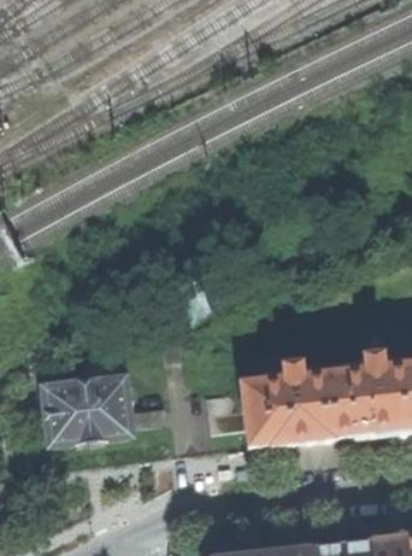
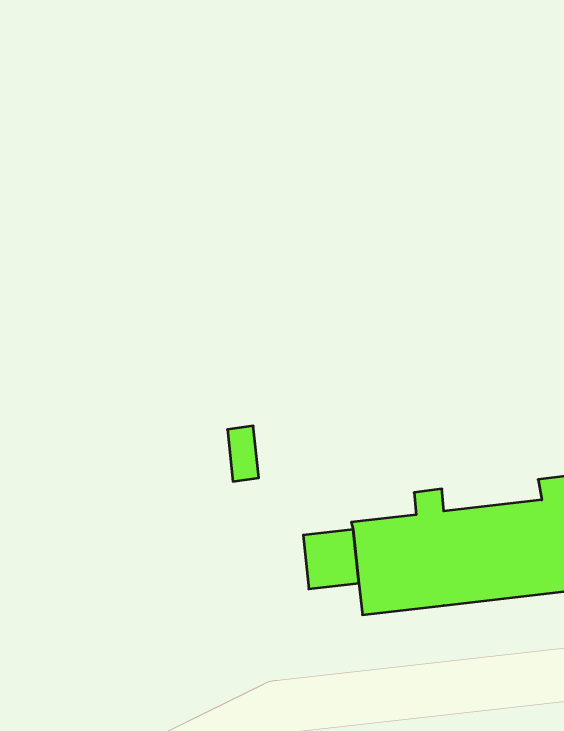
building: [45,373,166,444] -> none

